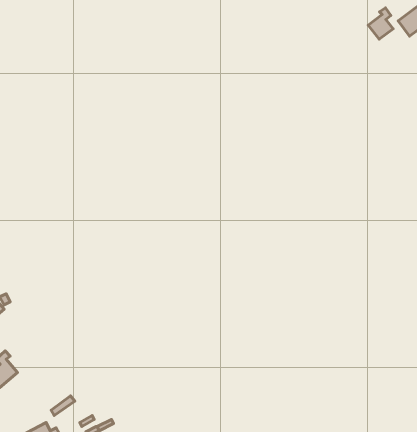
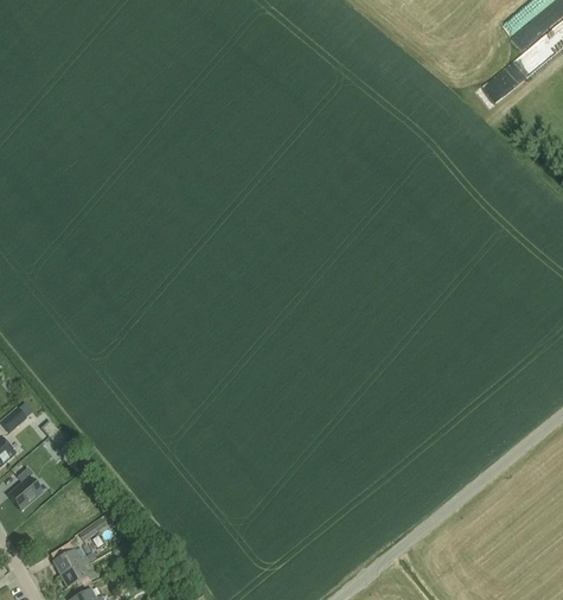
building: [368,8,393,39] -> none

